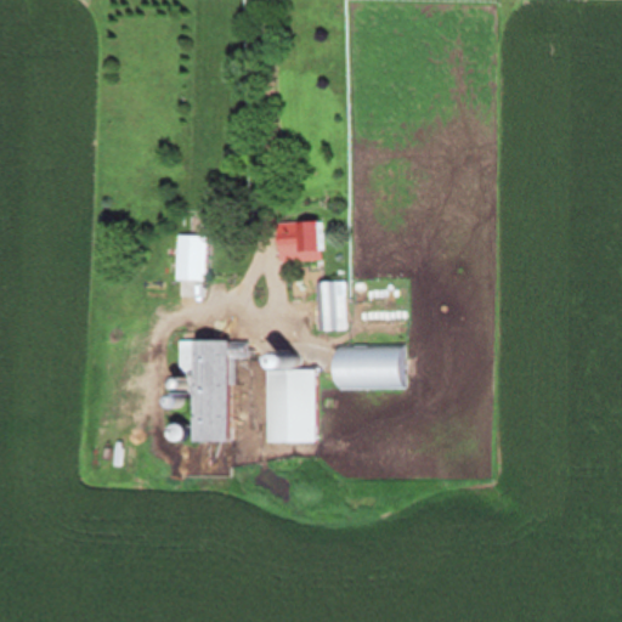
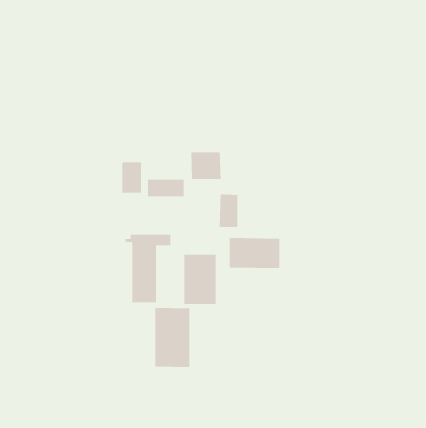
building: none -> [148,179,184,197]
building: none -> [155,307,190,368]

